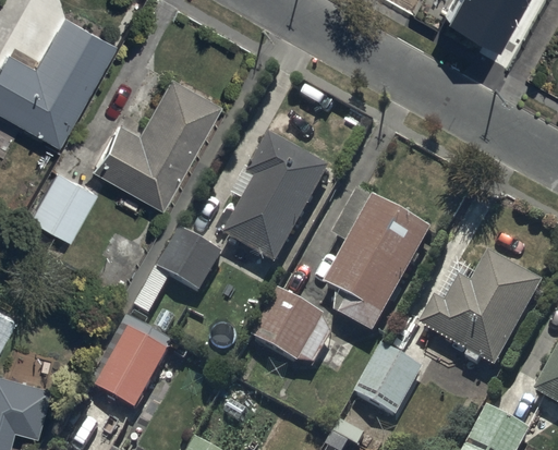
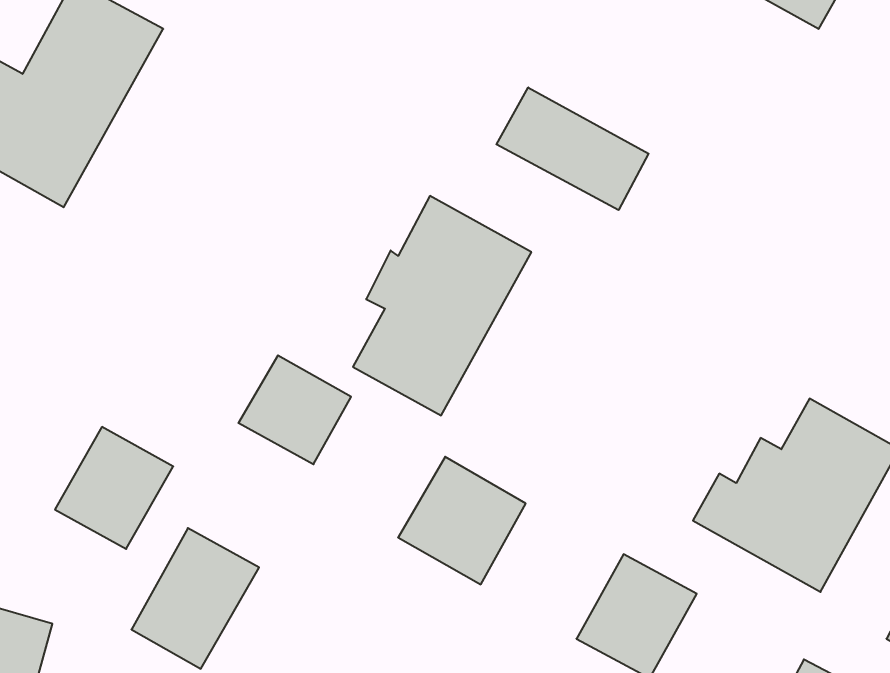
building: none -> [496,87,649,210]
building: [87,74,217,208] -> none
building: [27,168,96,239] -> [55,427,173,549]
building: [323,188,430,332] -> none

